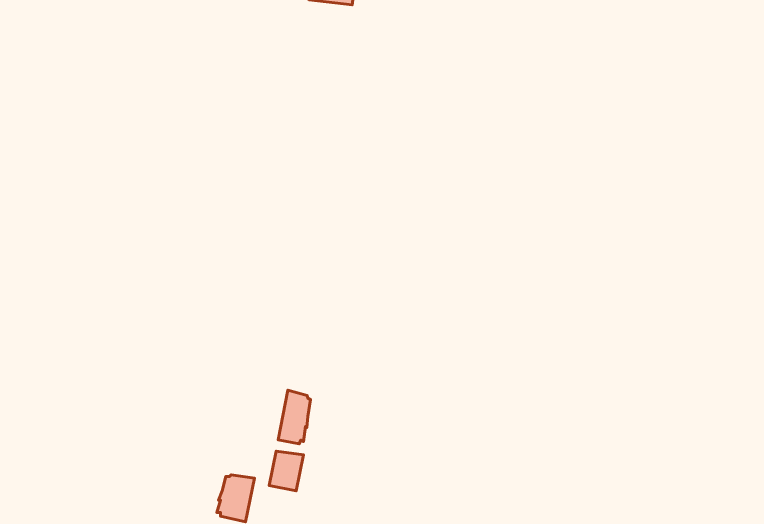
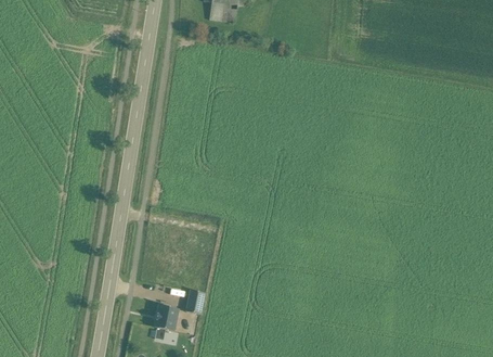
building: [278,390,311,444] -> none

